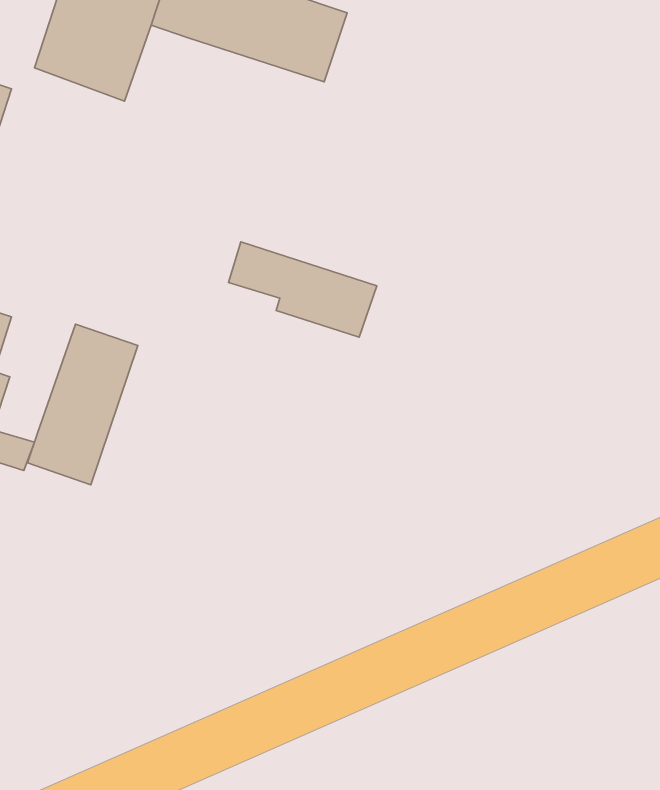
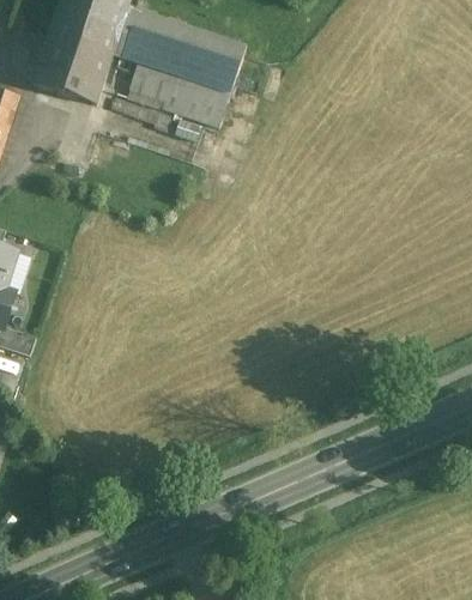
building: [229,242,377,337] -> [129,62,230,127]
building: [28,324,138,485] -> none

